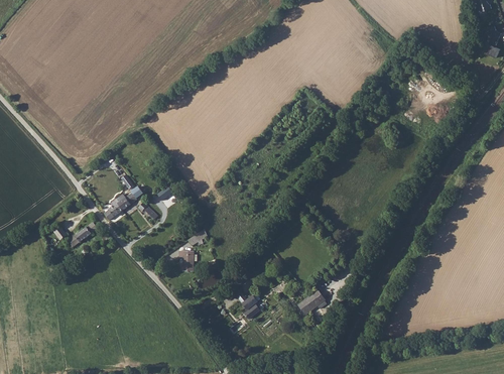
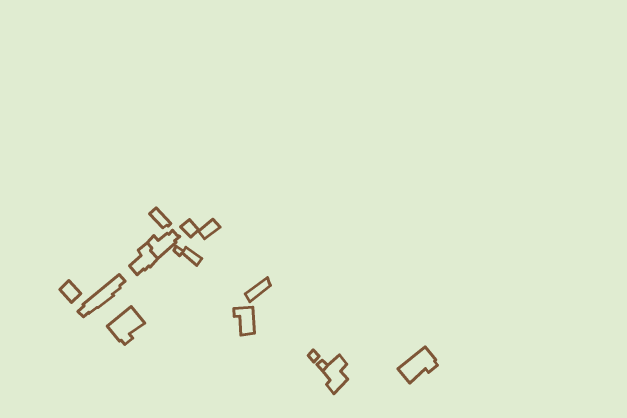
building: none -> [107,306,145,345]

